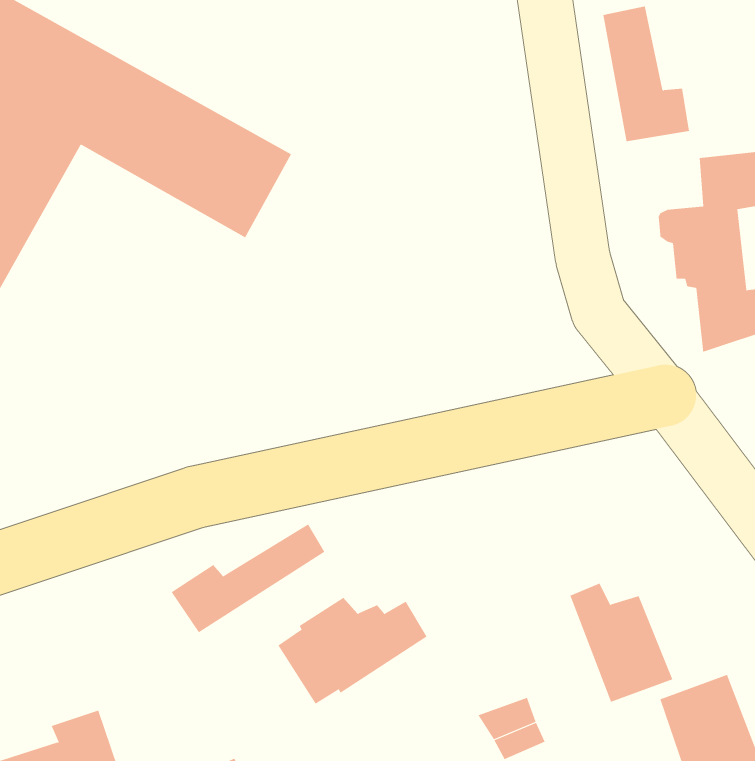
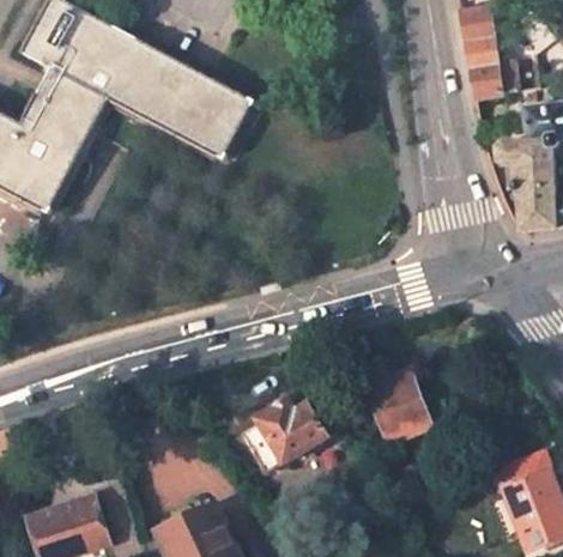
building: [171,523,325,633] -> none
building: [570,583,673,703] -> [361,363,430,443]

